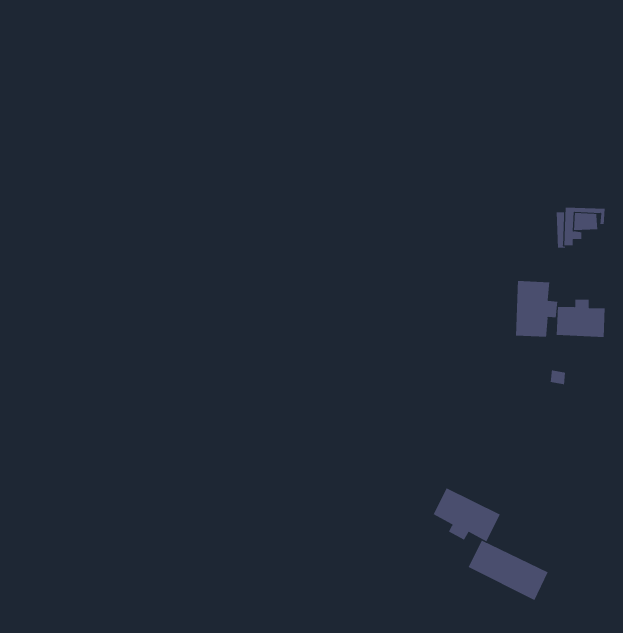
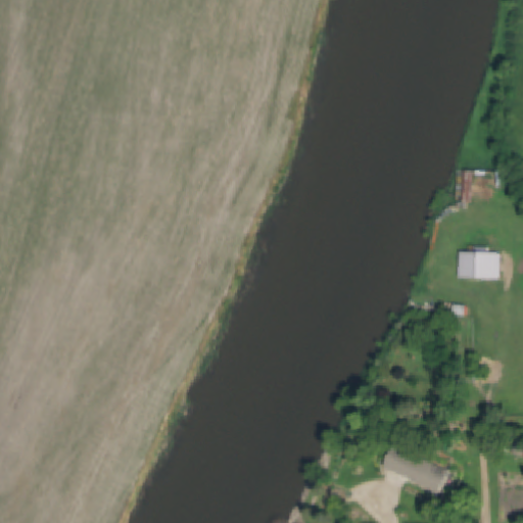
building: [515,280,558,338] -> none
building: [433,487,501,542] -> none

